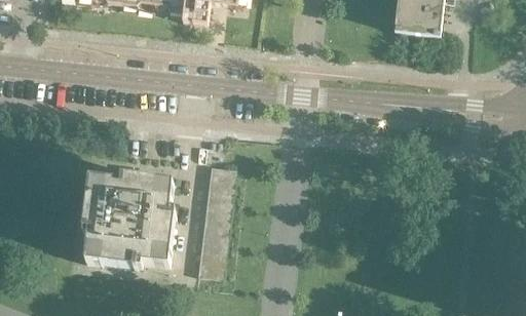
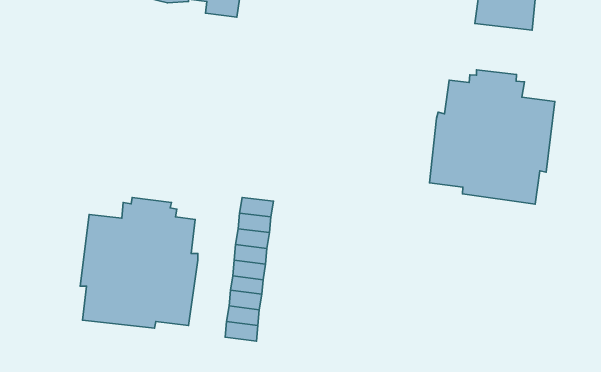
building: none -> [429,70,555,204]

